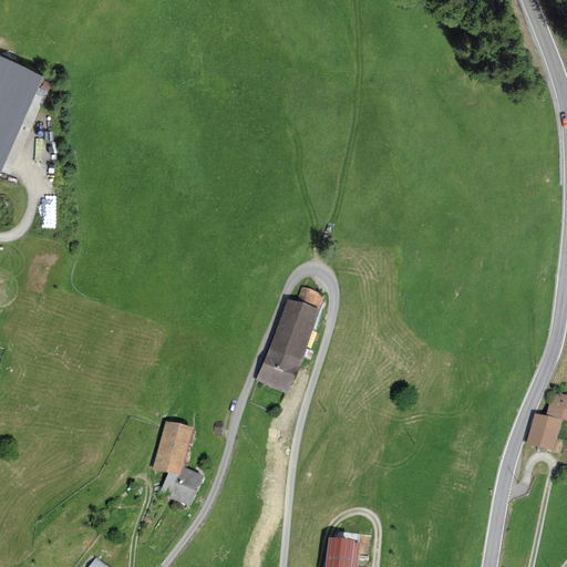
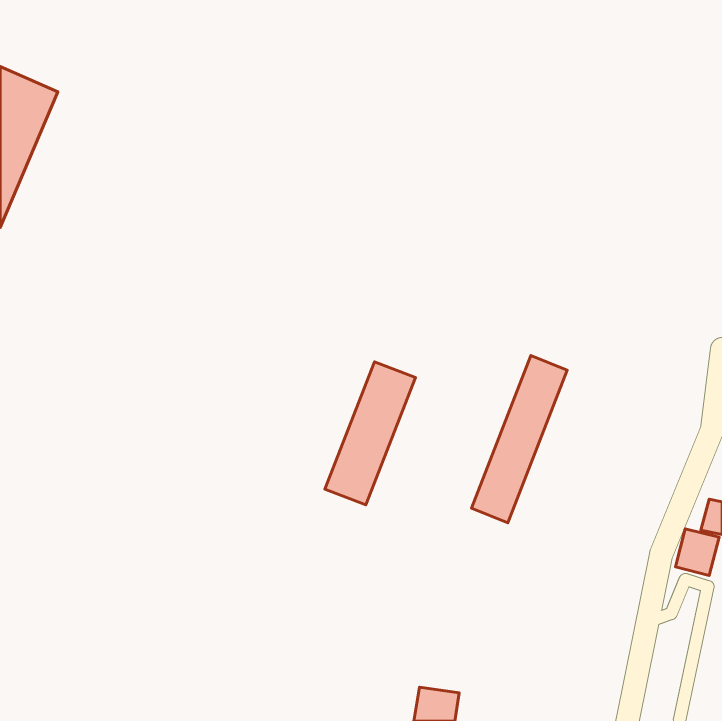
building: none -> [472,355,567,523]
building: [148,420,203,505] -> none

